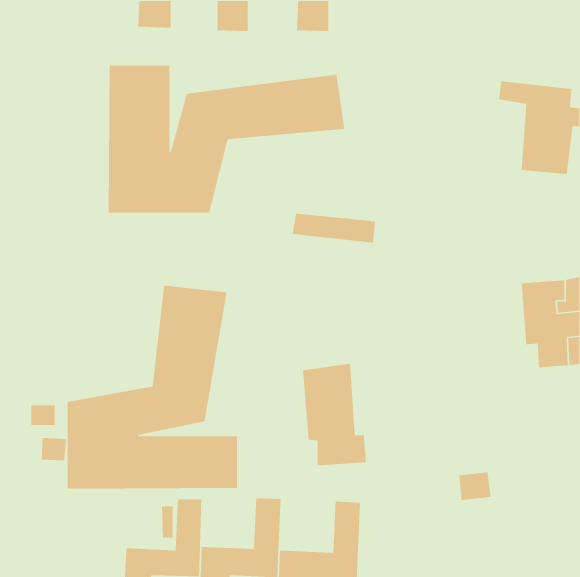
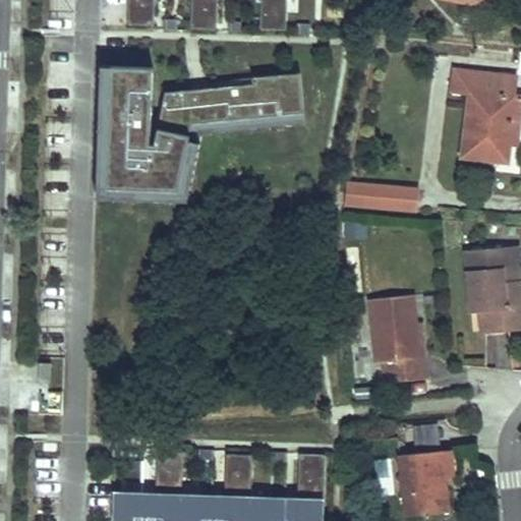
building: [292,213,376,244] -> [346,187,421,215]
building: [67,285,238,489] -> none
building: [302,363,367,466] -> [369,287,427,380]
building: none -> [389,452,447,516]

